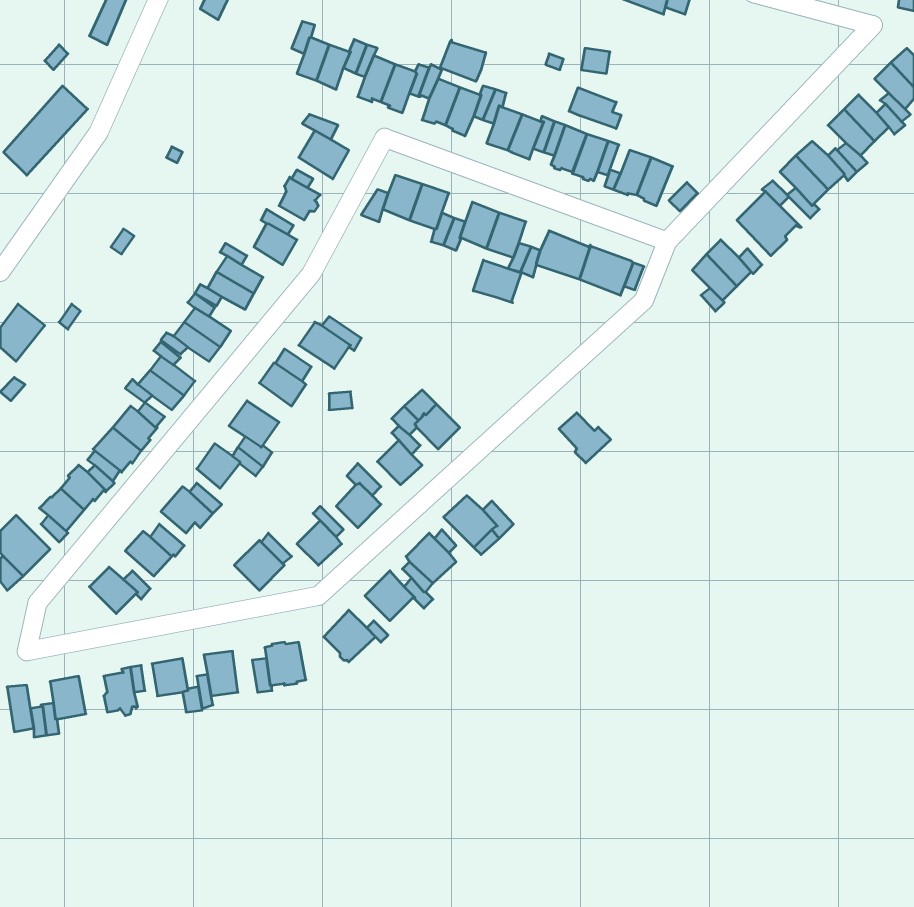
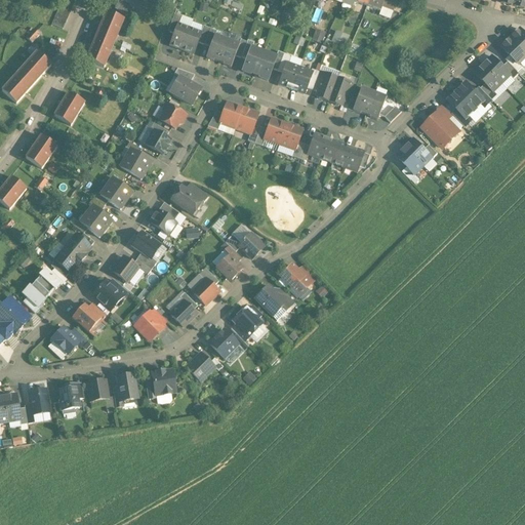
building: none -> [86,9,123,65]
building: [440,40,486,81] -> none
building: [569,88,621,129] -> none
building: none -> [54,90,84,123]
building: none -> [26,133,56,166]
building: [473,260,521,303] -> none
building: [559,413,611,463] -> [281,265,311,293]

